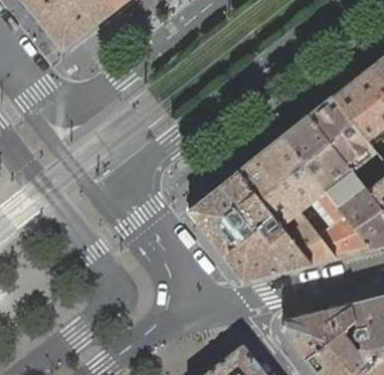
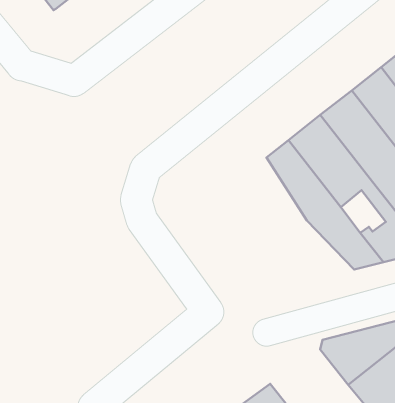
building: [189,170,311,278] -> none

